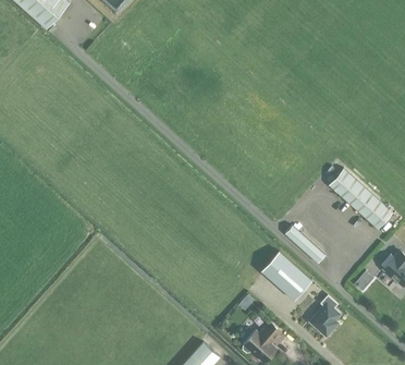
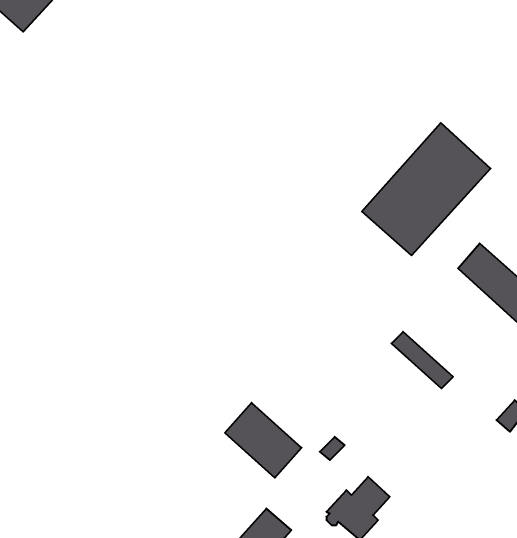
building: none -> [362,123,491,255]
building: [260,250,310,299] -> [225,403,302,478]
building: [308,293,339,334] -> none

